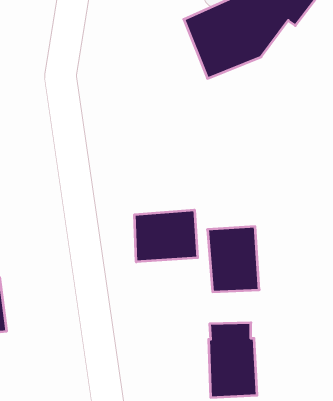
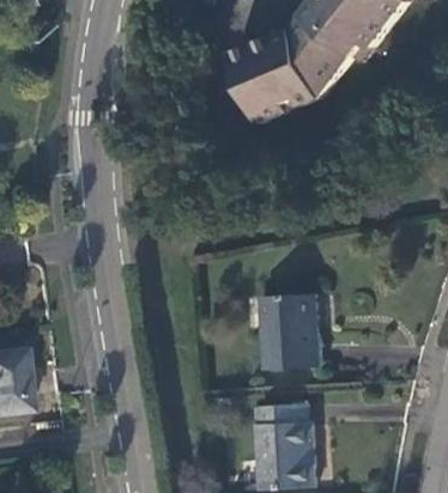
building: [135,210,198,262] -> none

